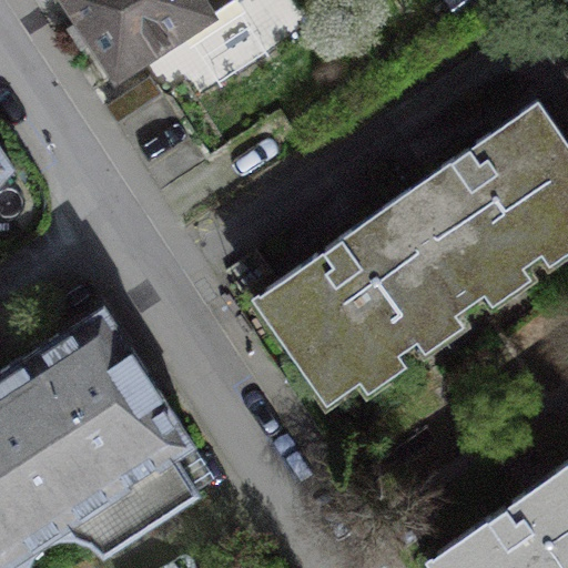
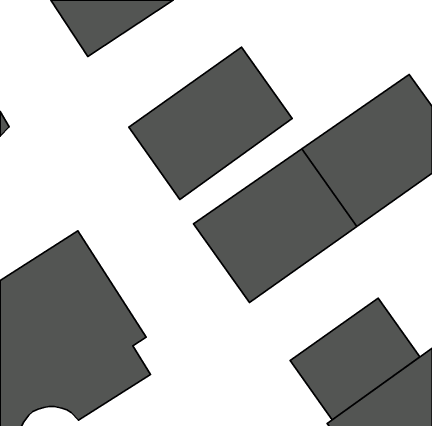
building: none -> [129,47,292,199]
building: none -> [290,298,420,420]

